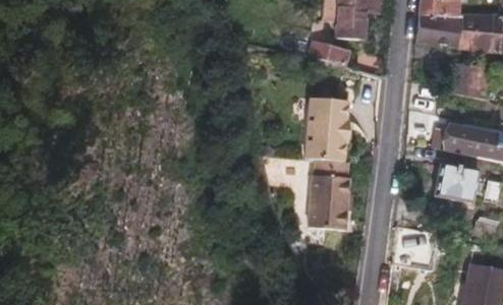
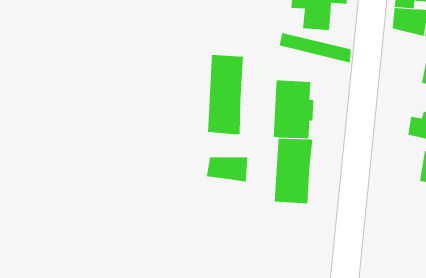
building: none -> [207,54,243,135]
building: none -> [206,156,248,183]

